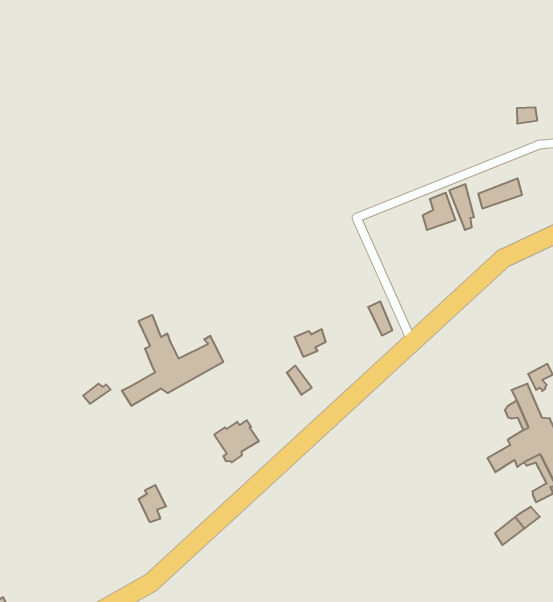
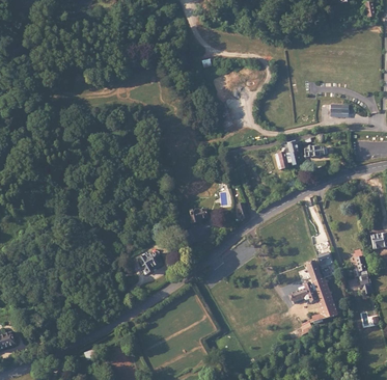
building: [122,315,223,406] -> none

